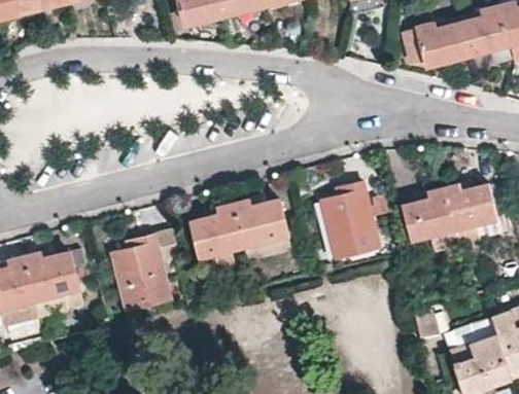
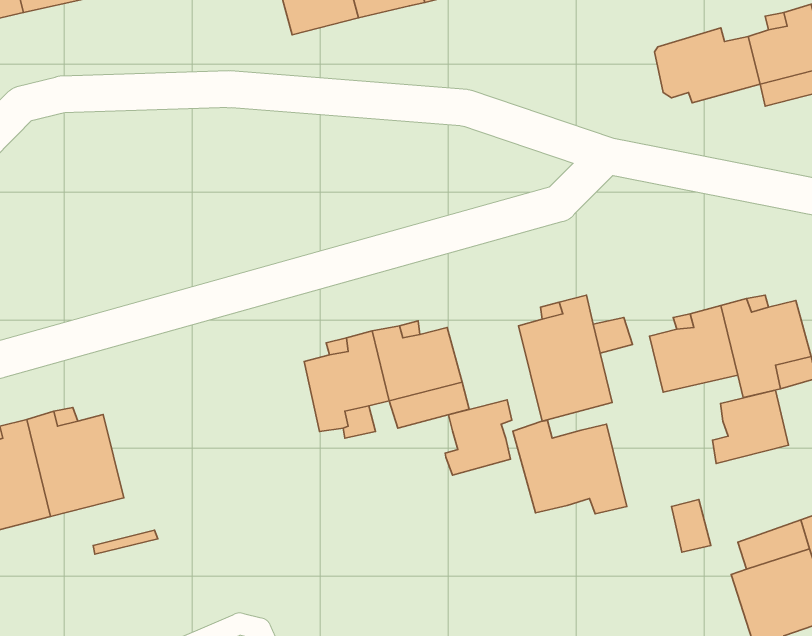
building: [112,228,178,311] -> none
building: none -> [712,390,789,463]
building: none -> [445,400,512,475]
building: none -> [513,420,627,514]

